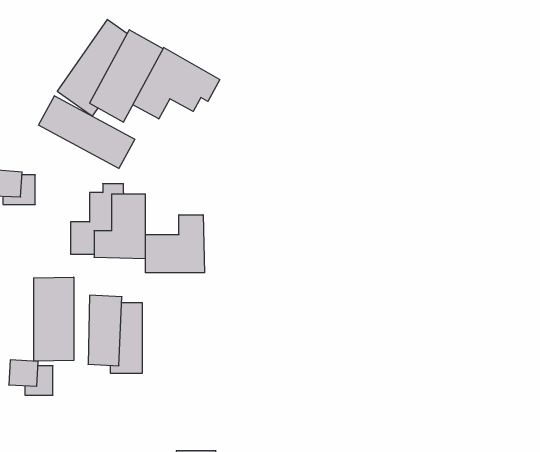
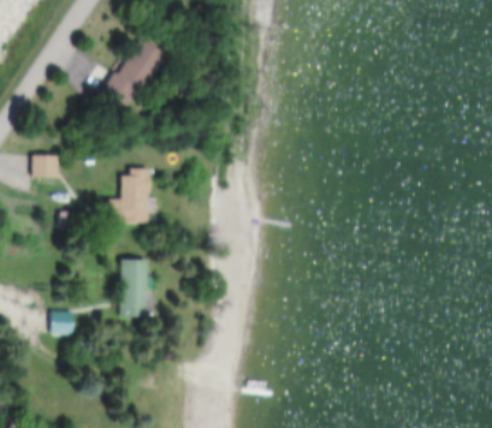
building: [133,47,220,119] -> none
building: [39,96,135,168] -> none
building: [145,215,204,273] -> none
building: [34,277,74,361] -> none

